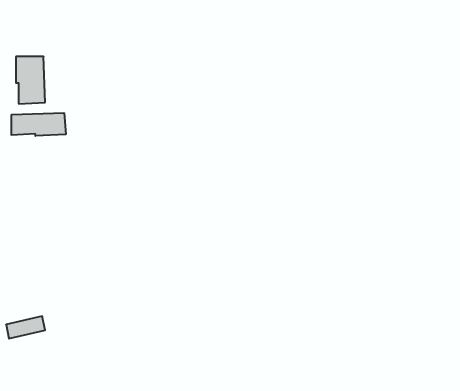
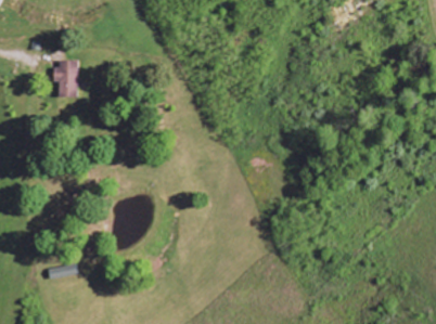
building: [11,113,66,136] -> none

